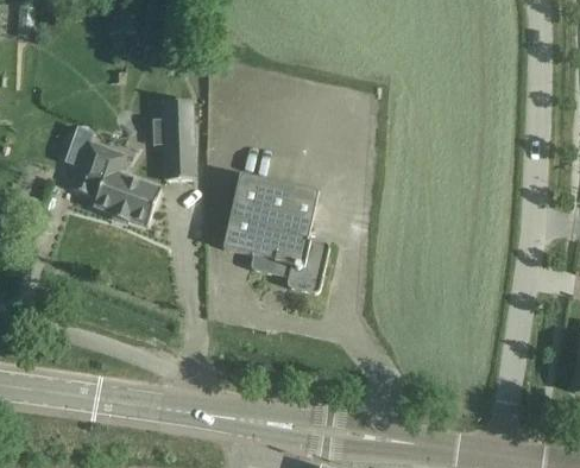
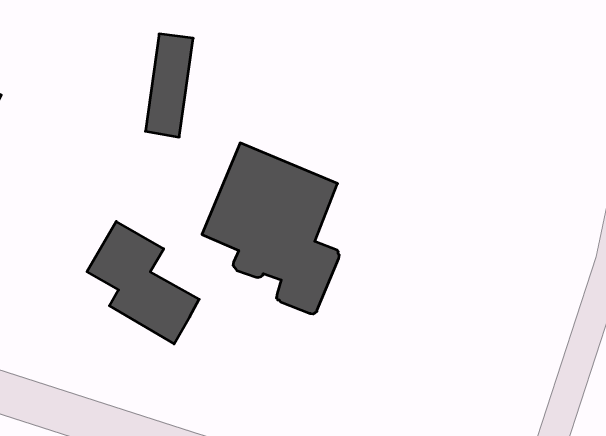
building: [69,141,157,226] -> [87,221,199,344]

